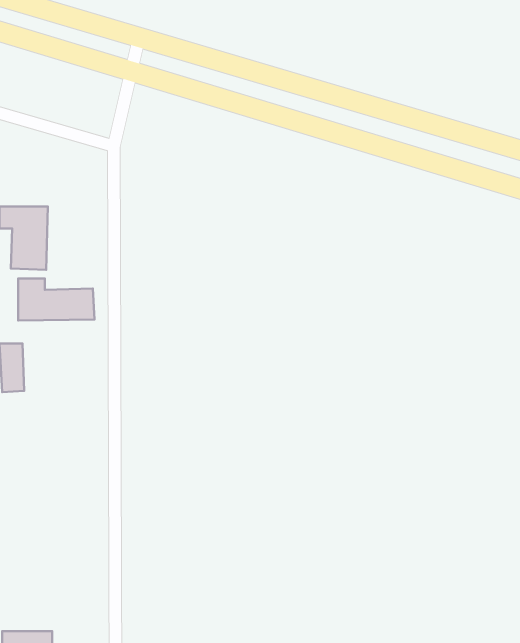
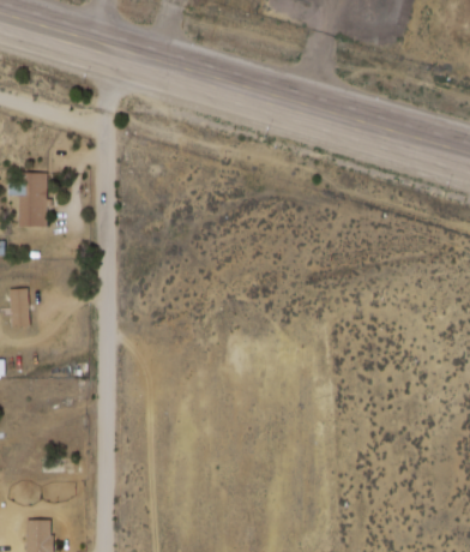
building: [18,278,95,321] -> none

